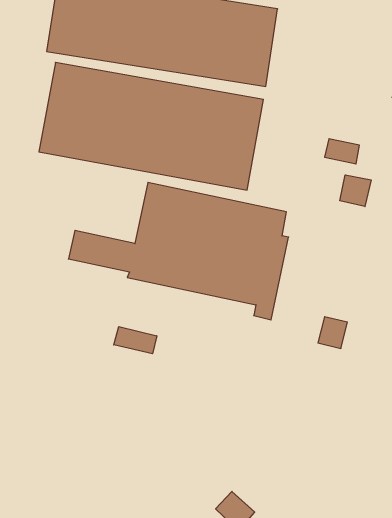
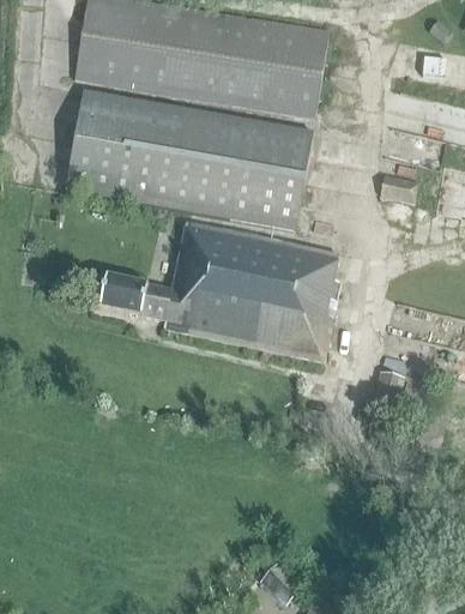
building: [340,175,371,207] -> none
building: [114,327,157,354] -> none

